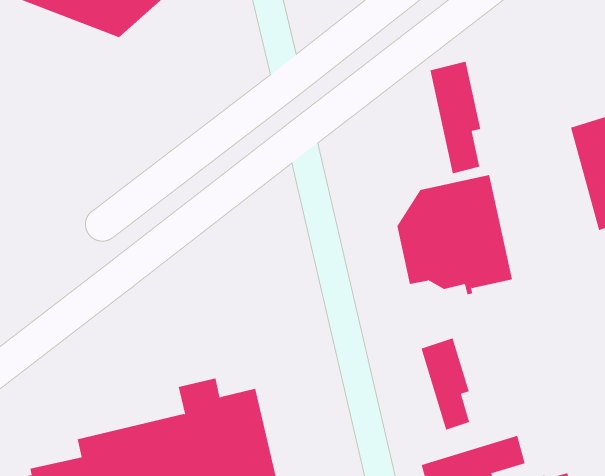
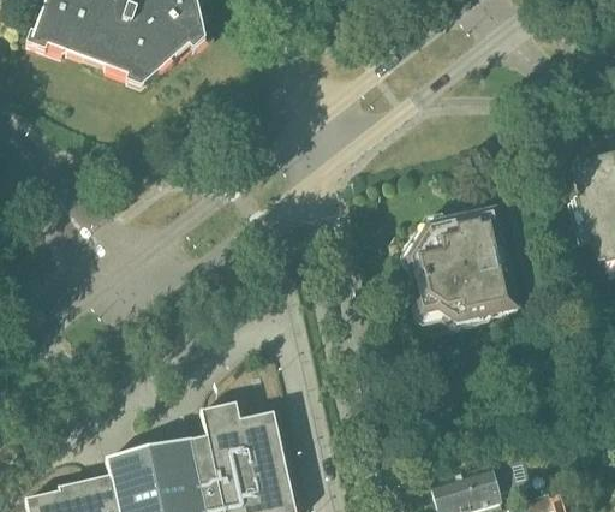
building: [430,61,481,174] -> none
building: [421,338,470,431] -> none

